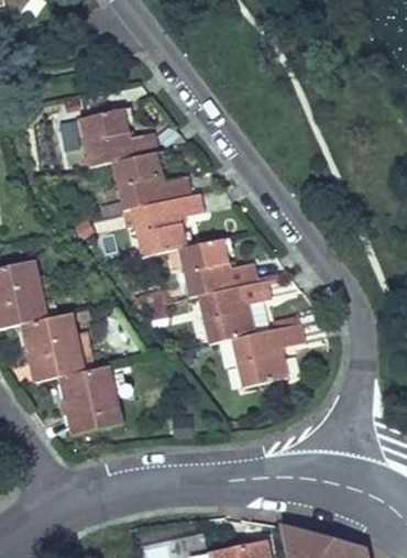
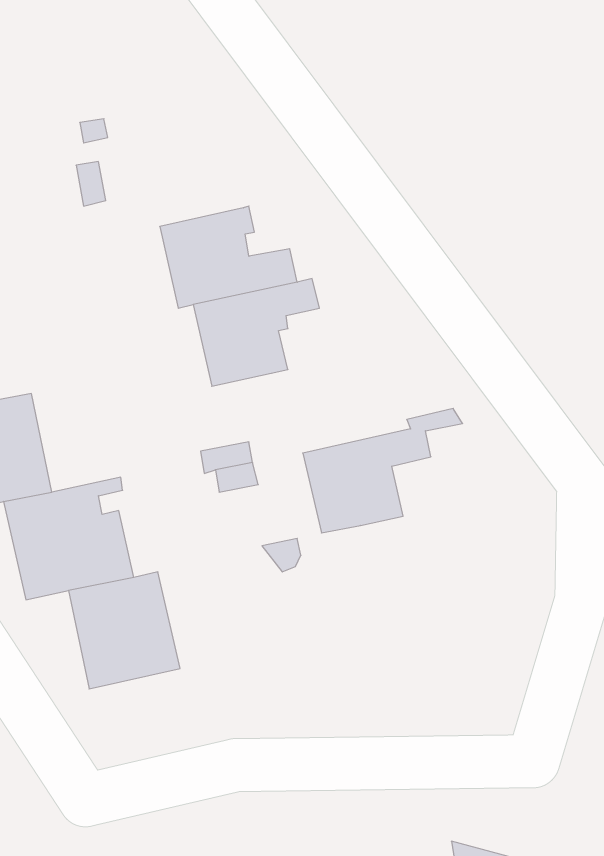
building: [77,106,161,167] -> none
building: [177,239,260,297] -> none
building: [230,315,305,387] -> none

